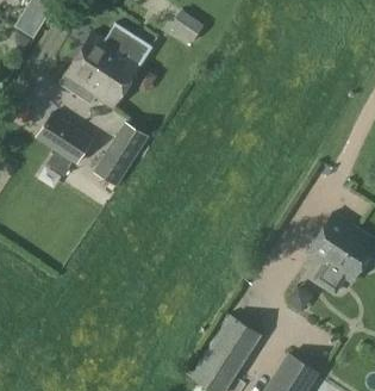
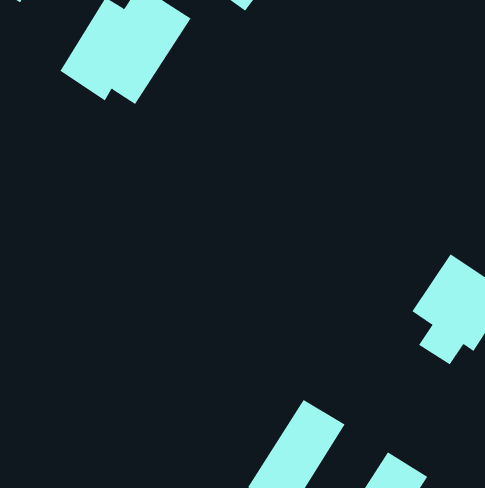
building: [35,112,90,175] -> none
building: [101,122,145,168] -> none

